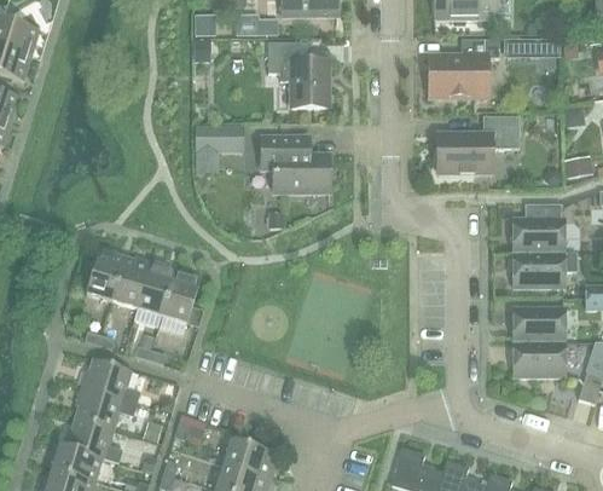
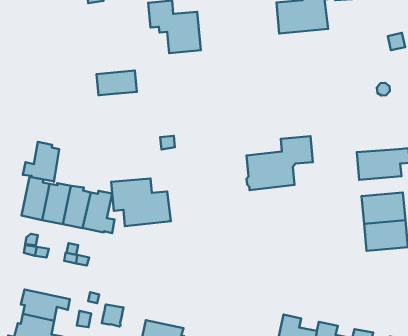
building: [435,115,520,175] -> [246,136,313,190]
building: [260,135,330,192] -> [111,178,171,226]
building: [512,202,566,253] -> none
building: none -> [23,142,59,182]
building: [81,358,140,403] -> none

